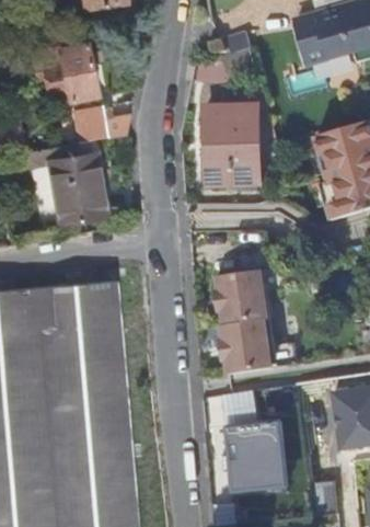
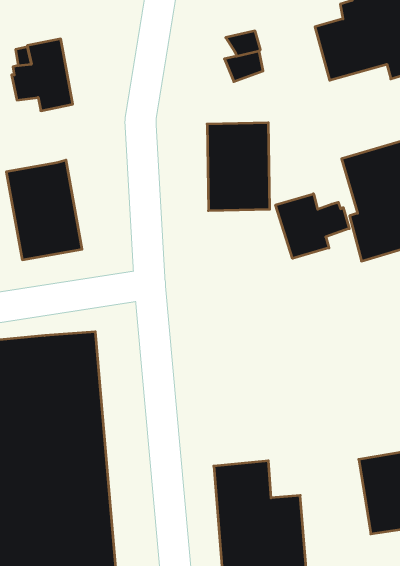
building: [78,106,129,139] -> none
building: none -> [276,194,349,258]
building: [212,270,270,371] -> none

